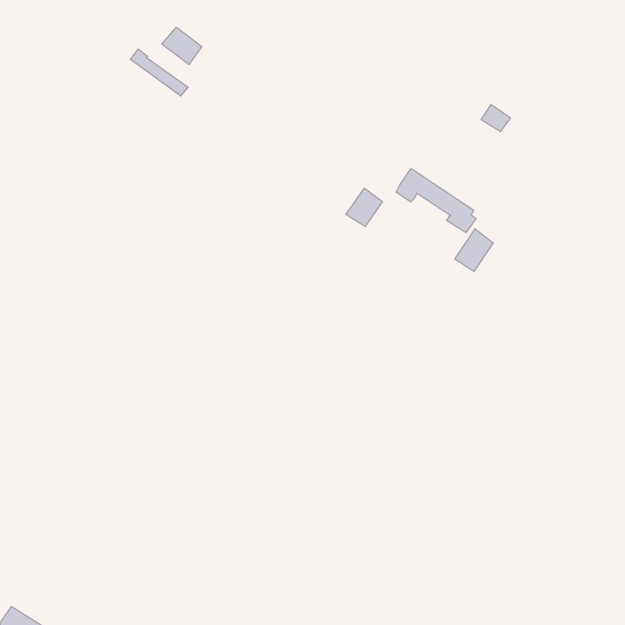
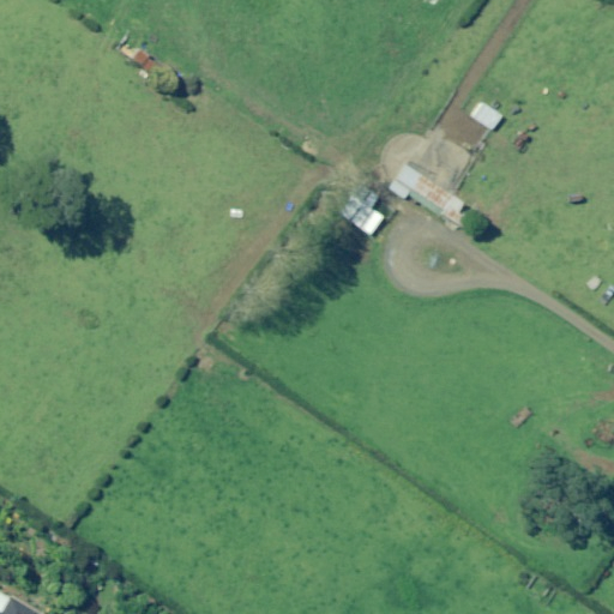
building: [162,27,202,64] -> none
building: [455,229,493,272] -> none

